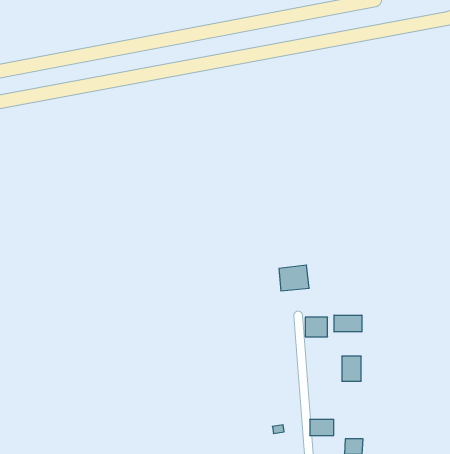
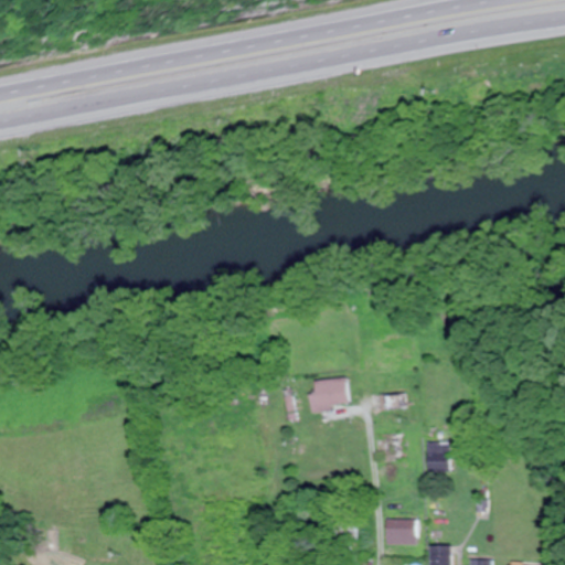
building: [279,265,309,291] -> [310,377,348,409]
building: [334,315,362,332] -> none

